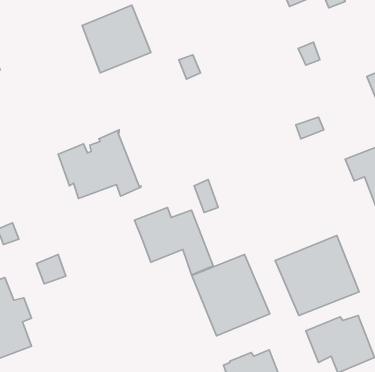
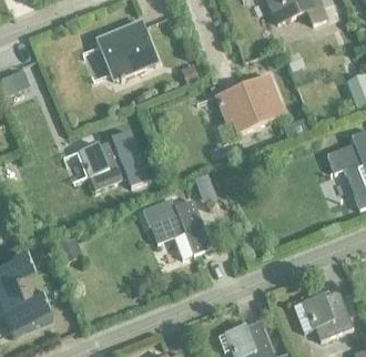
building: none -> [215,73,283,132]
building: [275,236,359,316] -> none
building: [192,255,270,336] -> none

